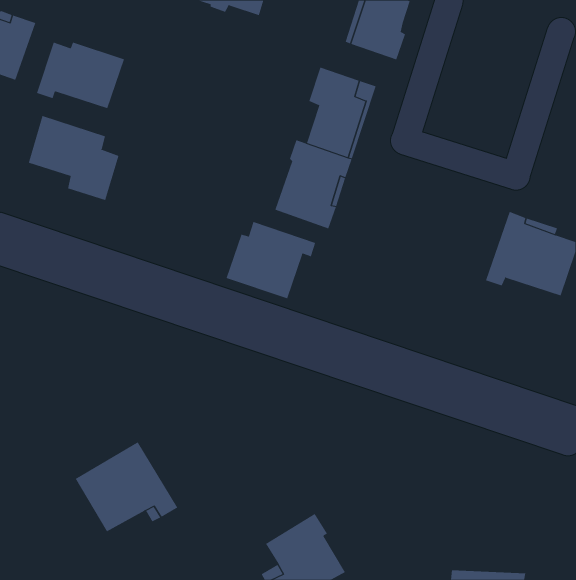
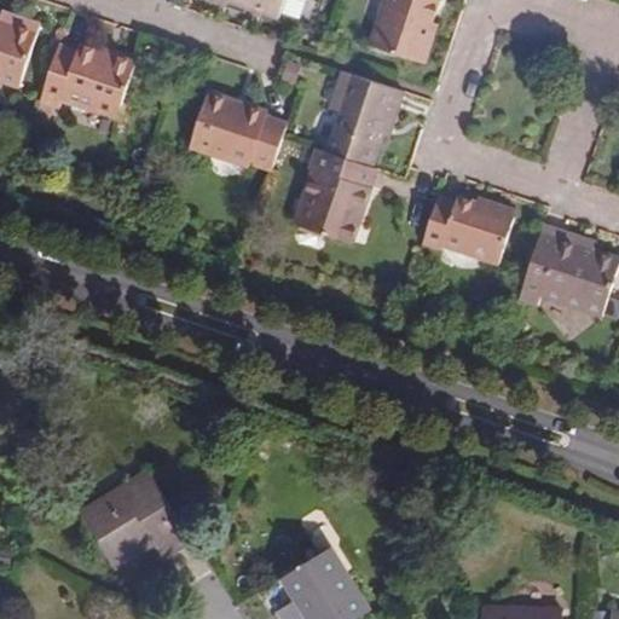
building: none -> [189,93,285,169]
building: [28,115,119,201] -> none
building: none -> [422,196,514,265]
building: [226,221,316,299] -> none

